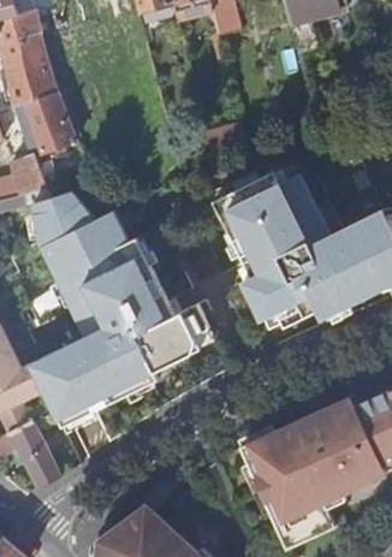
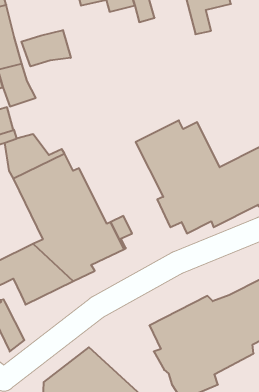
building: none -> [21,30,71,66]

